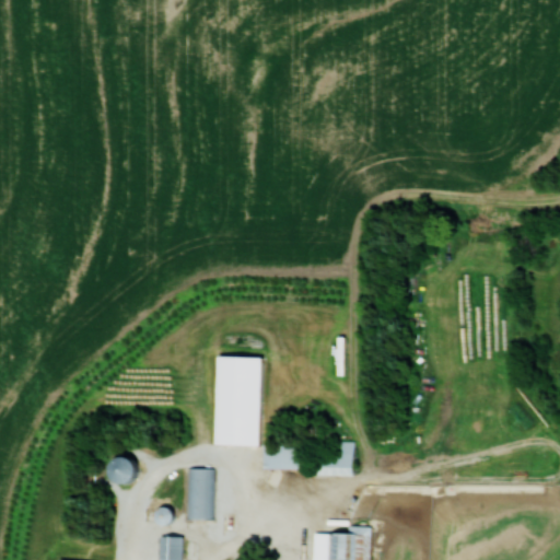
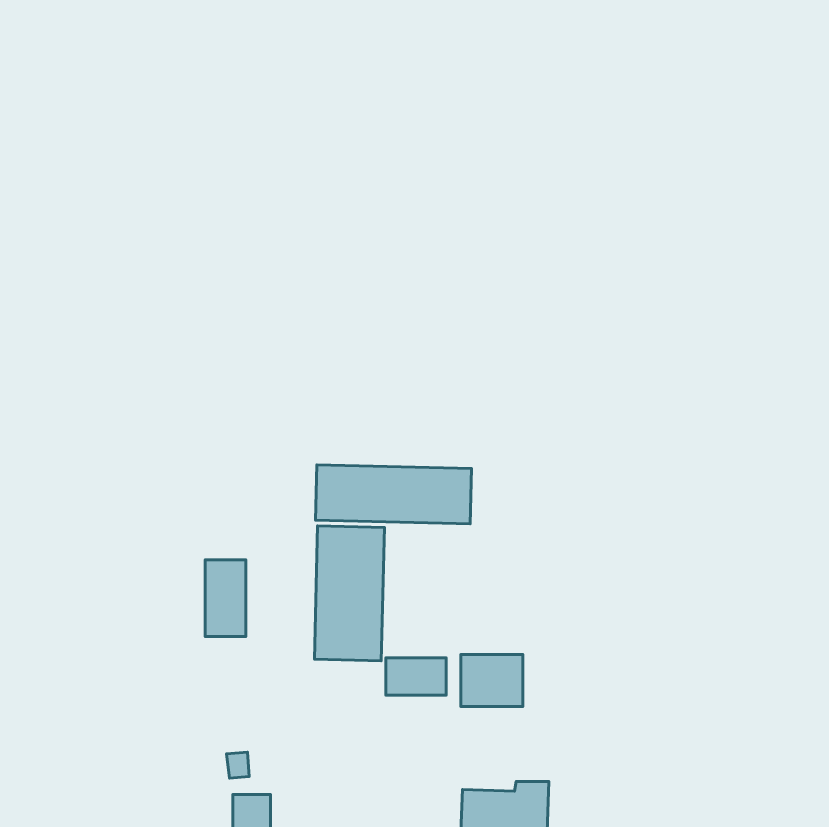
building: none -> [315,465,472,524]
building: [107,458,132,482] -> none
building: [188,469,215,521] -> [205,560,246,636]

